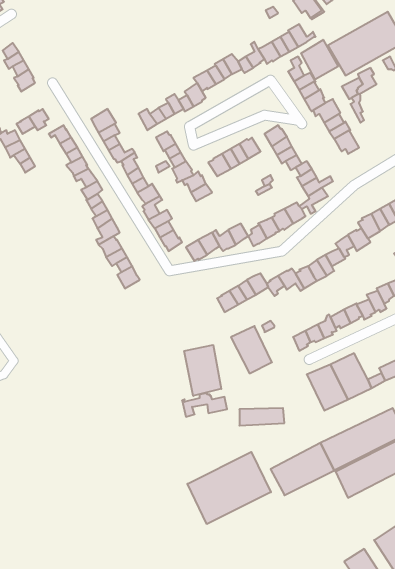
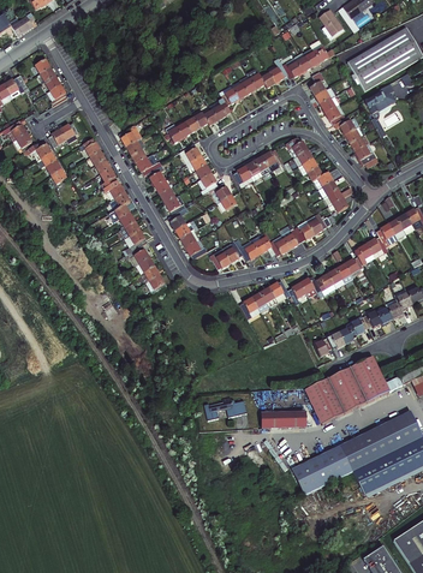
building: [301,40,338,79] -> none
building: [231,326,272,373] -> [305,378,345,424]
building: [184,345,221,396] -> none
building: [187,452,271,524] -> none

